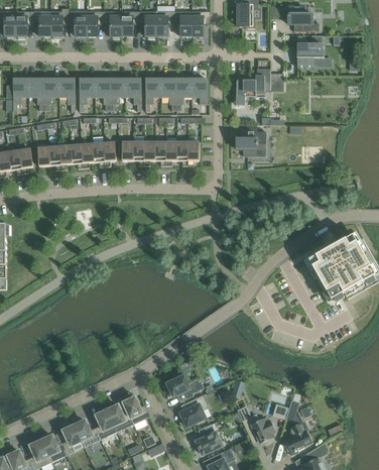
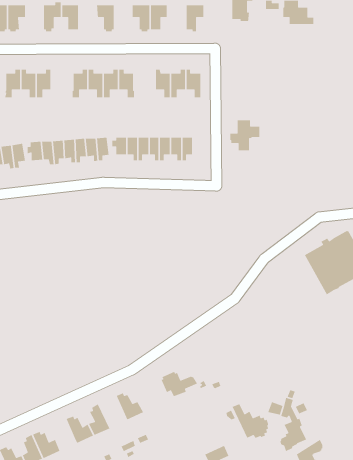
building: [33,10,50,35] -> none
building: [86,10,104,35] -> none
building: [121,10,138,35] -> none
building: [173,10,192,35] -> none
building: [296,34,343,67] -> none
building: [236,68,270,104] -> none
building: [58,74,75,103] -> none
building: [145,74,161,103] -> none
building: [180,392,207,425] -> none
building: [105,402,133,431] -> none
building: [62,421,84,453] -> none
building: [196,423,222,453] -> none

